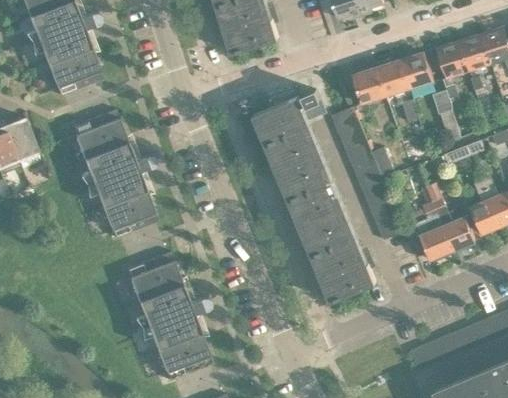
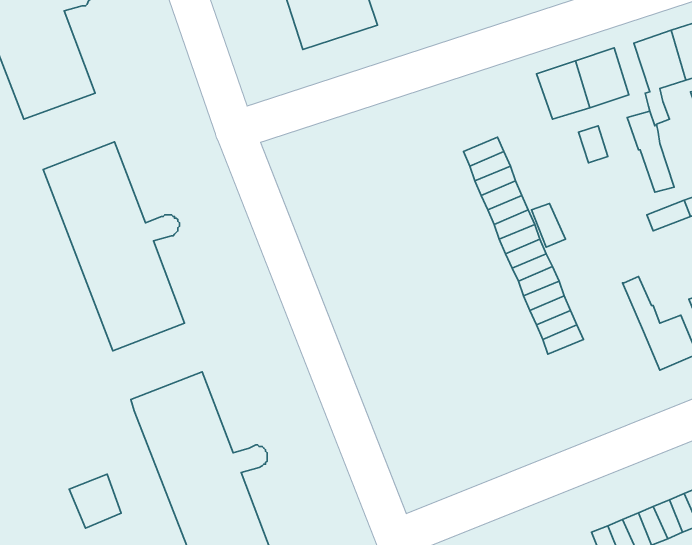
building: [352,67,386,103] -> none
building: [254,96,376,301] -> none
building: [407,189,452,259] -> none
building: none -> [69,474,121,528]

